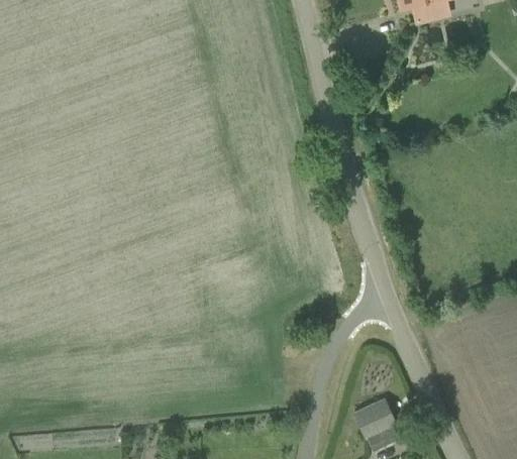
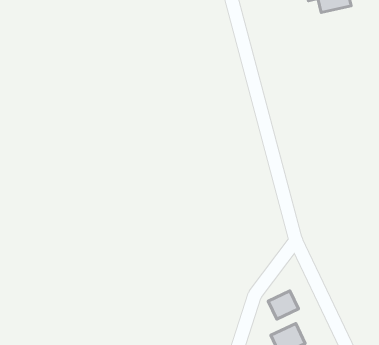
building: none -> [268,291,298,319]

